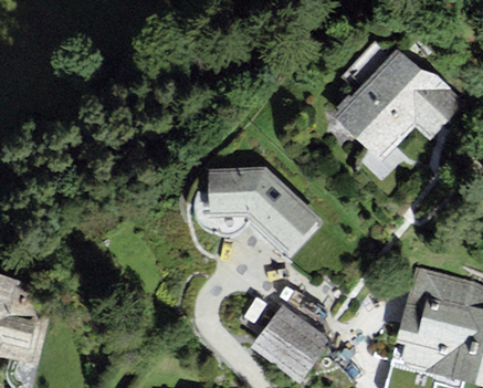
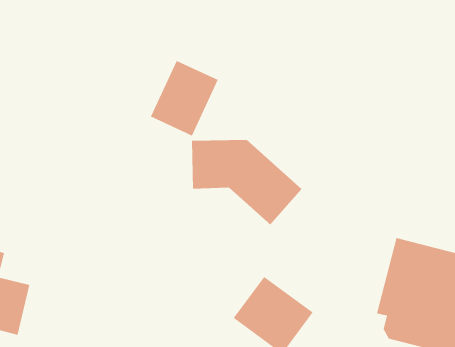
building: [334,48,466,160] -> none
building: none -> [150,60,219,136]

